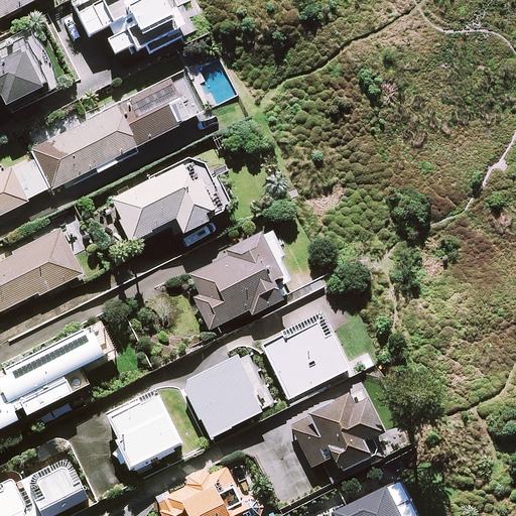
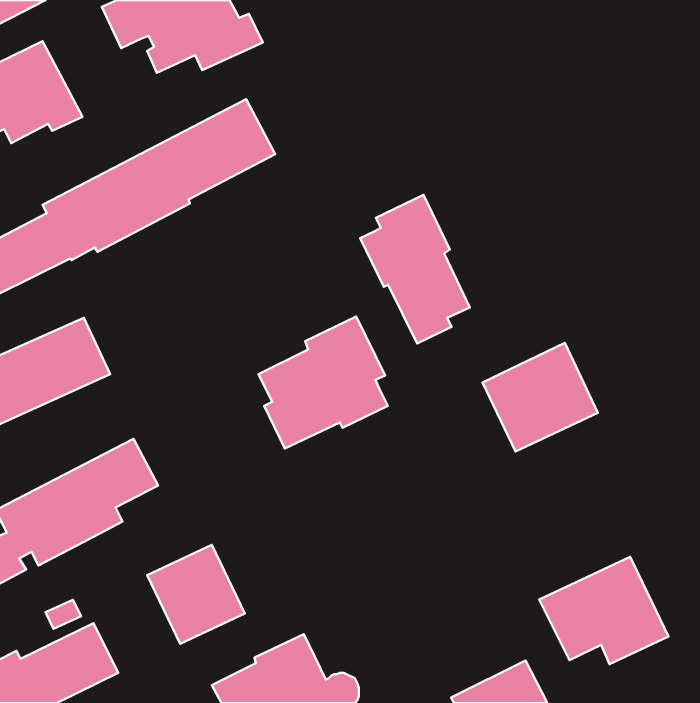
building: none -> [360,195,470,343]
building: [112,159,232,242] -> none
building: [263,317,348,397] -> [482,343,598,451]
building: [181,355,263,436] -> none
building: [288,391,383,470] -> [539,557,669,664]

